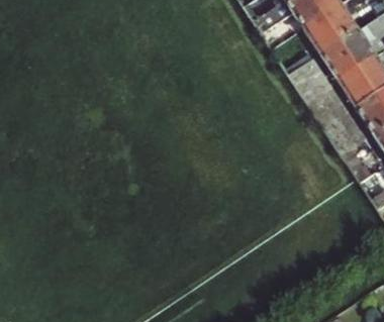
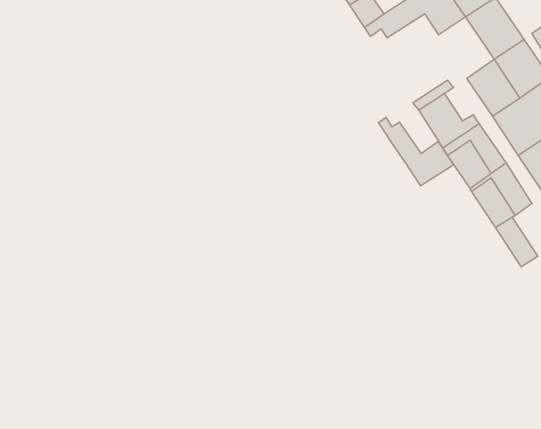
building: [303,14,341,56] -> none
building: none -> [379,118,454,186]

